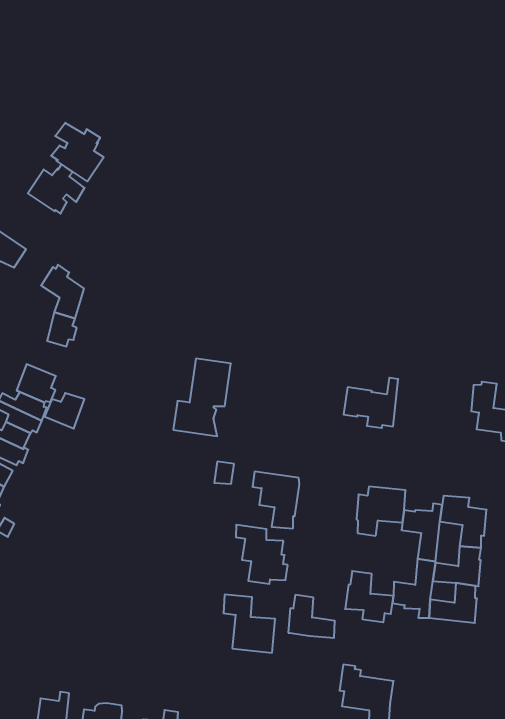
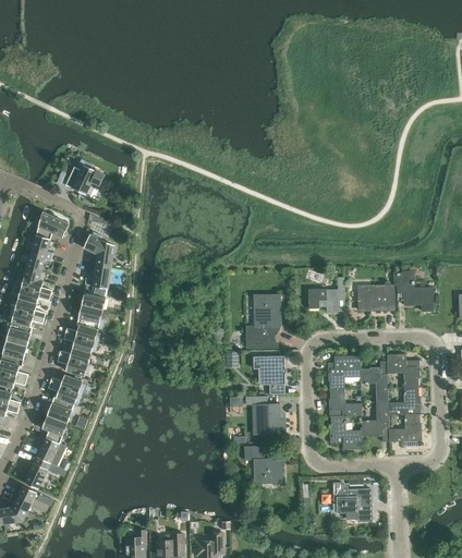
building: [51,123,104,181] -> none
building: [173,359,231,436] -> [246,294,280,347]
building: none -> [357,283,394,311]
building: [45,393,84,429] -> [81,286,107,310]
building: [288,595,335,638] -> [328,389,362,416]

